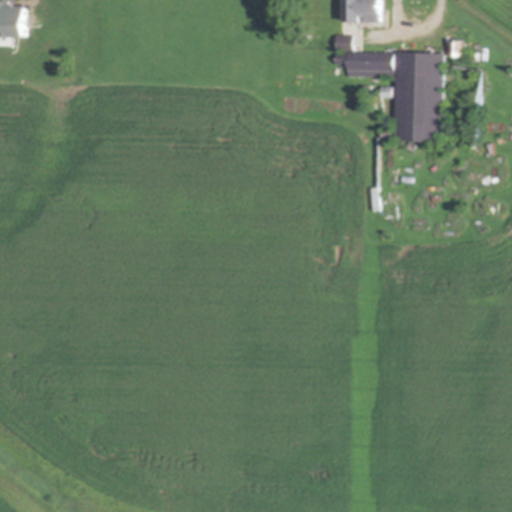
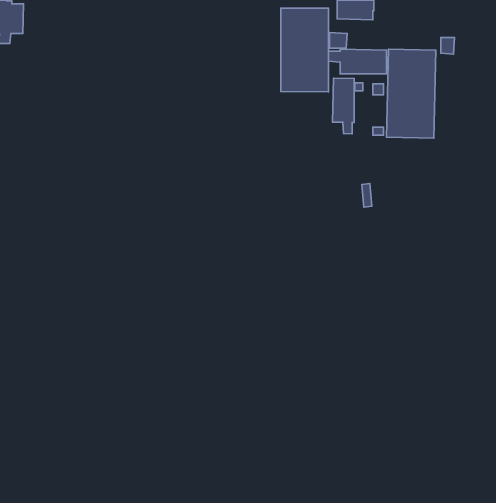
building: none -> [281,8,328,92]
building: none -> [332,78,354,134]

